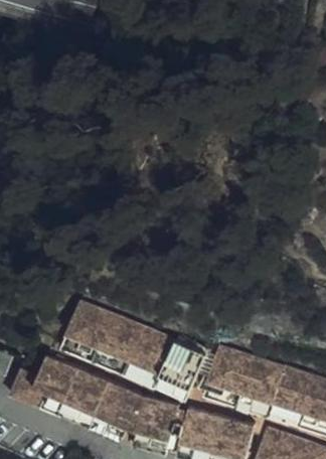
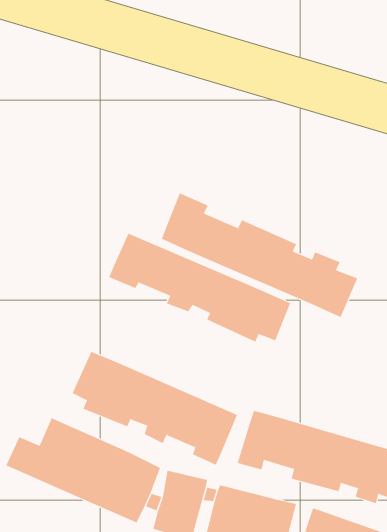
building: none -> [161,192,358,318]
building: none -> [108,233,291,342]

